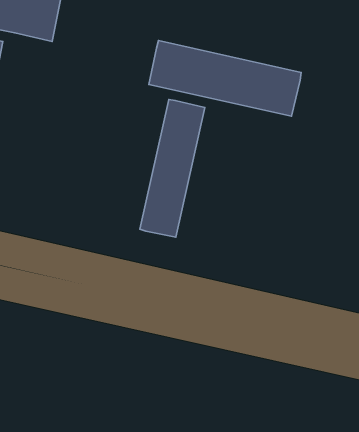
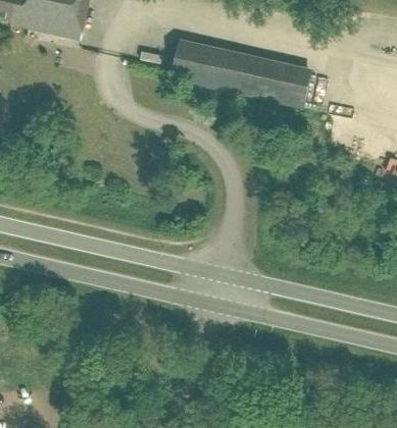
building: [140,100,205,237] -> none

